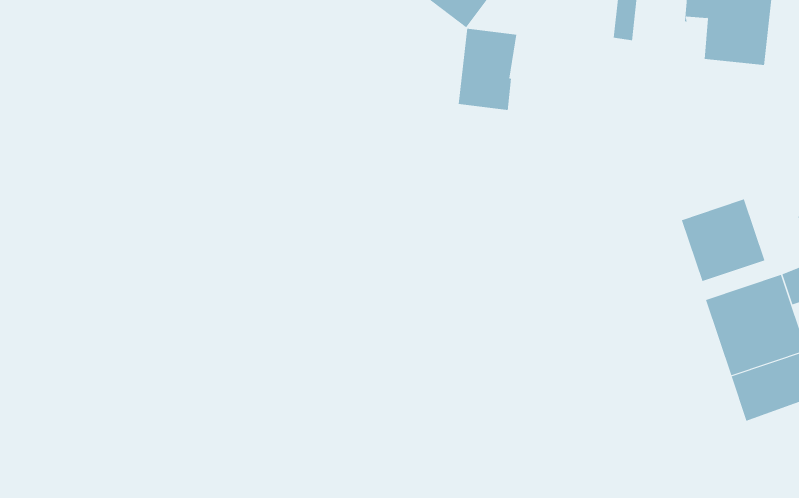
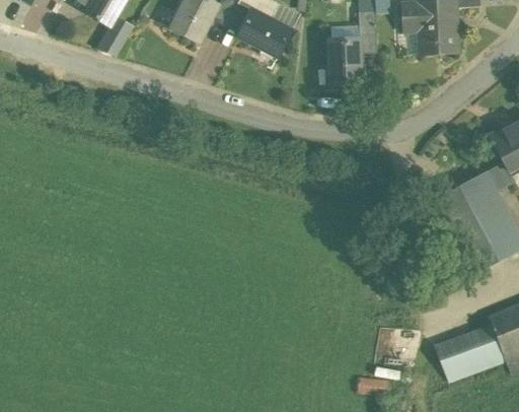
building: [458,28,517,110] -> [329,39,362,85]
building: [681,199,765,282] -> none

